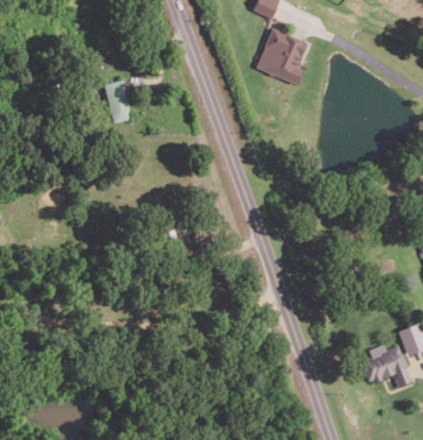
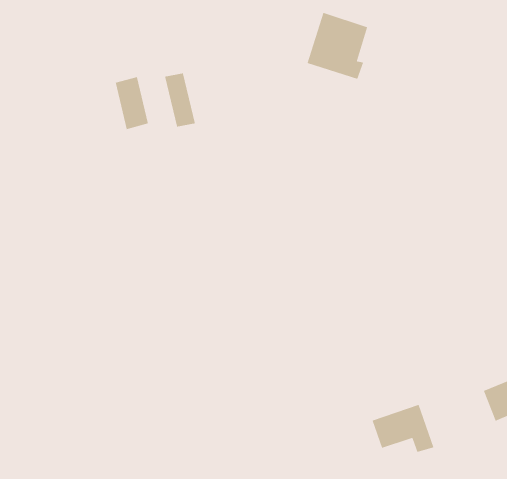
building: none -> [164,72,196,127]
building: [362,347,412,386] -> [371,404,434,453]

